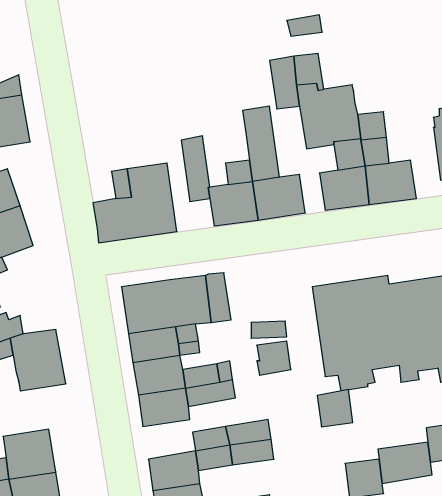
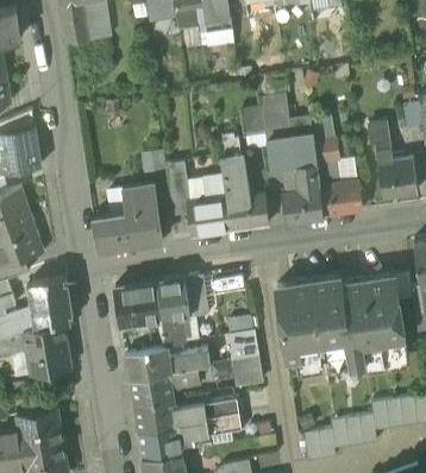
building: none -> [27,276,74,326]
building: [317,390,353,427] -> [232,355,262,386]
building: none -> [134,397,178,430]

